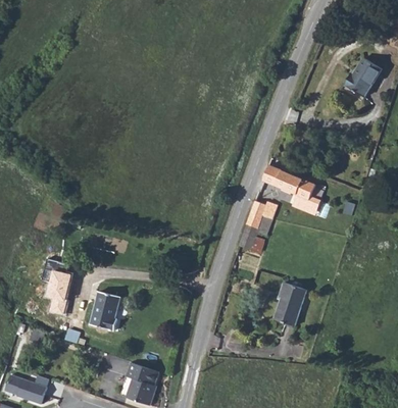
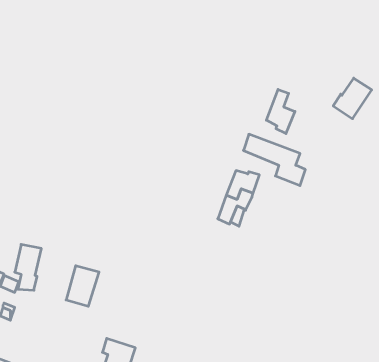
building: [346,57,383,96] -> [333,78,372,119]
building: none -> [266,89,295,134]
building: [272,282,307,327] -> none

